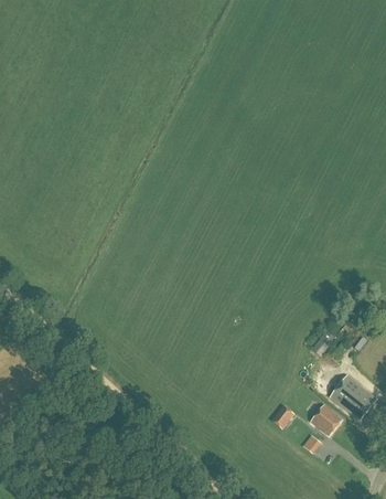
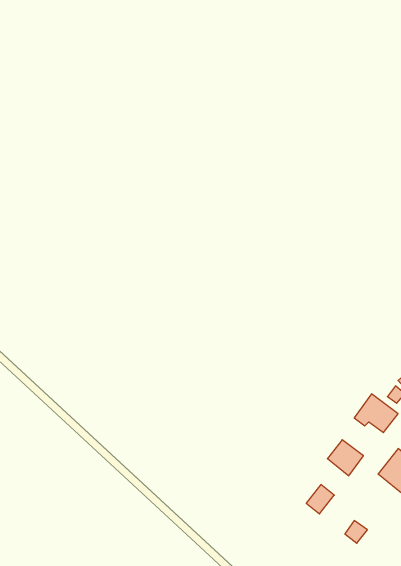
building: [311,405,341,435] -> [327,440,363,476]

